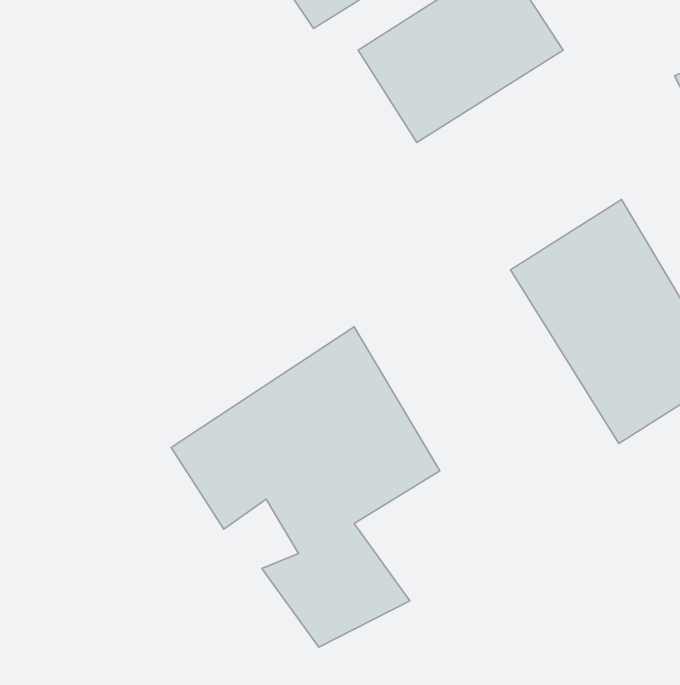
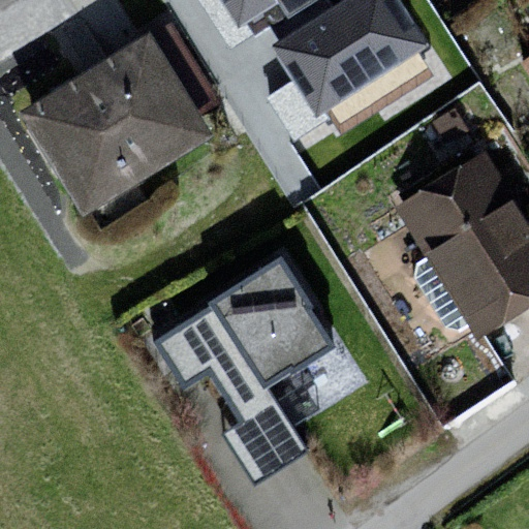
building: none -> [21,31,205,219]

